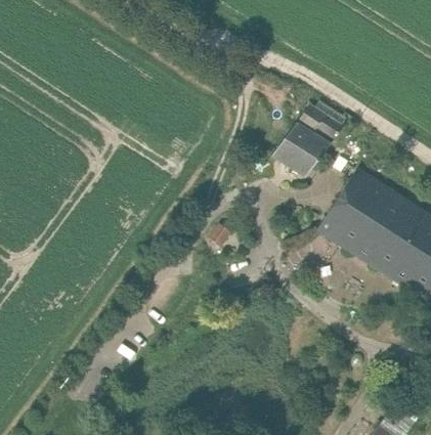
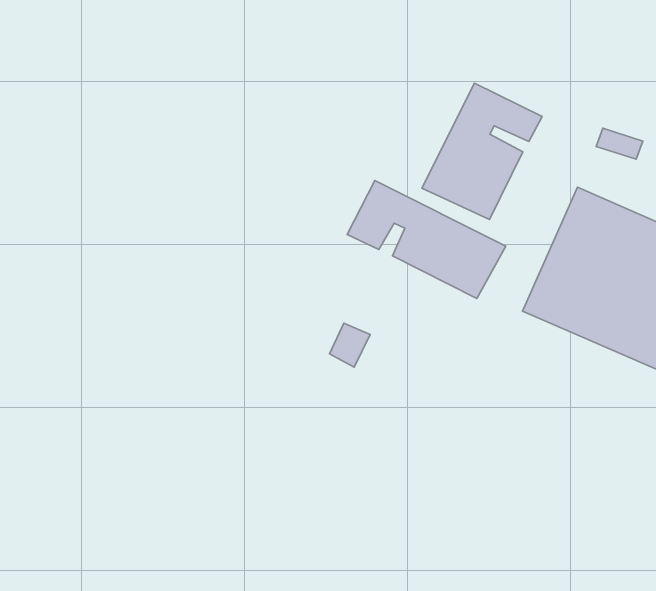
building: none -> [347,181,506,298]

